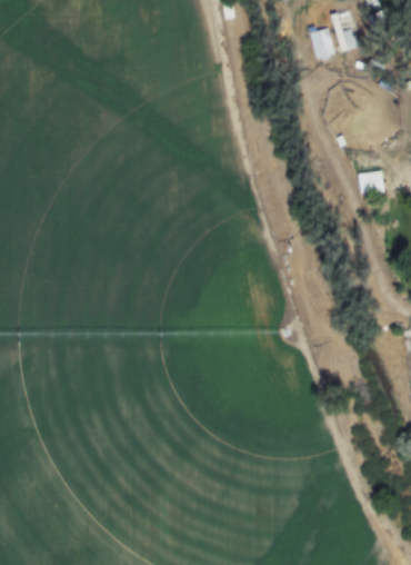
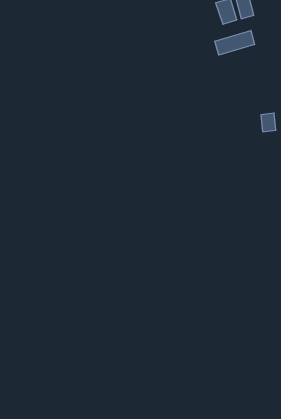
building: none -> [215,30,255,55]

